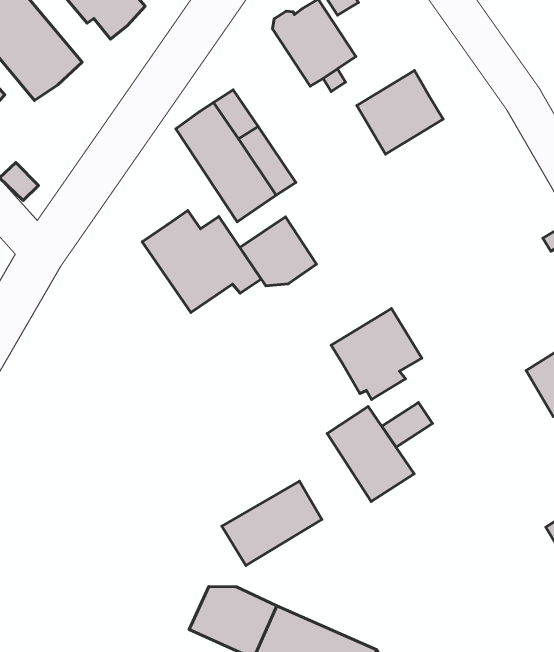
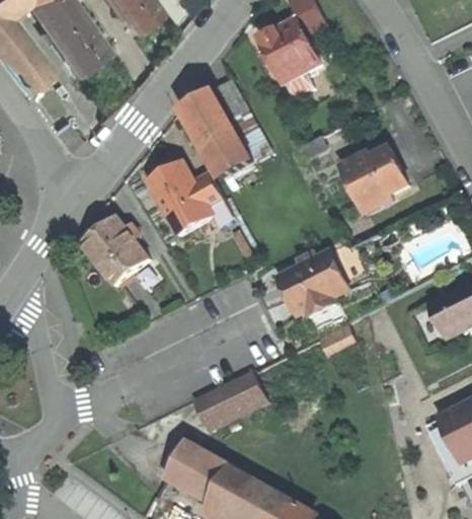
building: [357,70,443,154] -> [341,146,404,206]
building: [240,217,316,286] -> none
building: none -> [79,215,146,284]
building: [327,406,414,501] -> none

